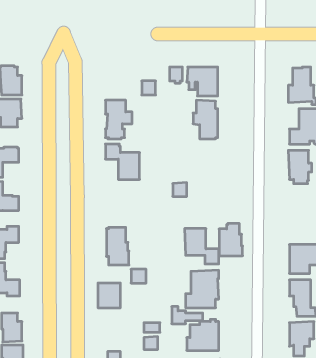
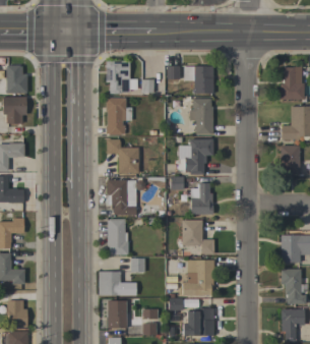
building: none -> [107,61,130,94]
building: none -> [179,138,213,174]
building: none -> [108,179,137,215]
building: [219,224,243,256] -> [191,183,213,214]
building: none -> [108,301,127,331]

